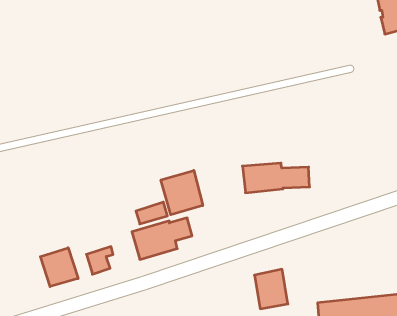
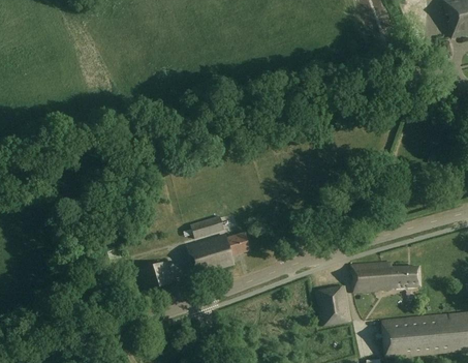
building: [242,163,310,193] -> [351,261,422,292]
building: [161,170,203,215] -> none
building: [40,248,78,287] -> none

